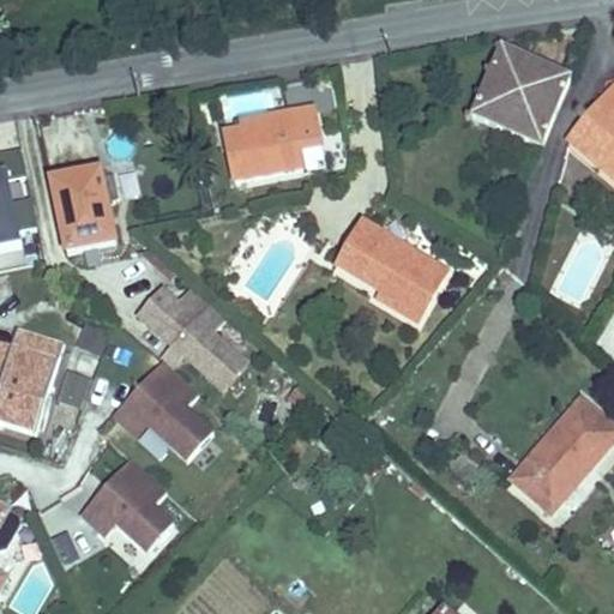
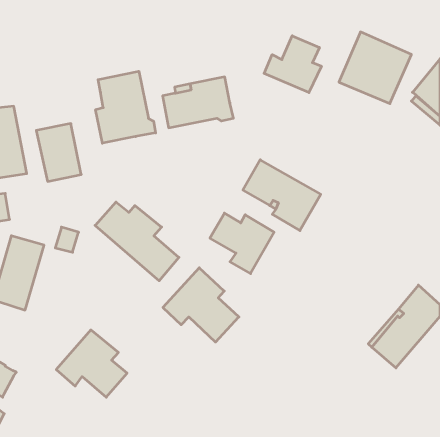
building: none -> [264,36,321,93]
building: none -> [96,71,156,143]
building: none -> [210,213,274,274]
building: [113,359,218,462] -> [163,268,239,342]

